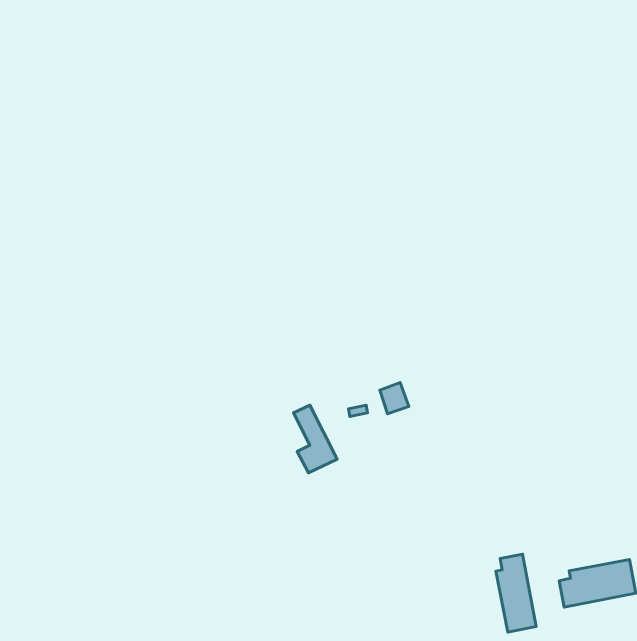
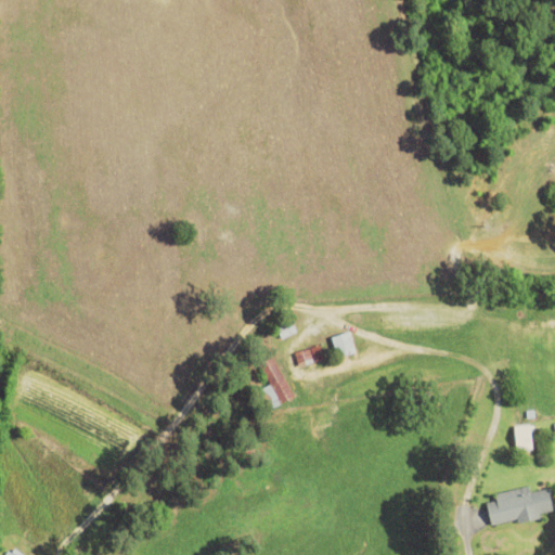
building: none -> [515,425,532,449]
building: [496,554,536,632] -> none

